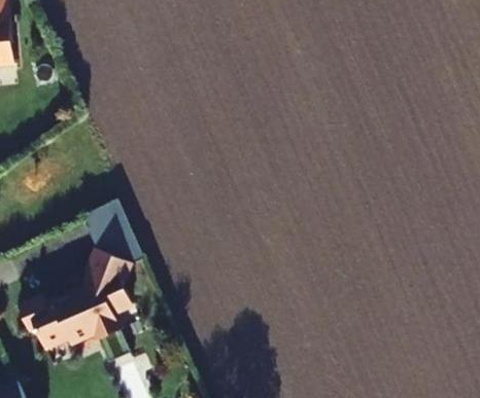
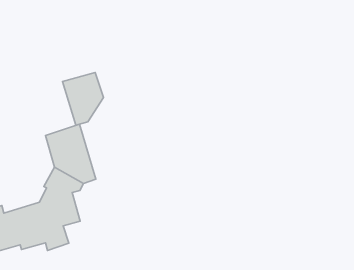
building: none -> [63,72,104,125]

